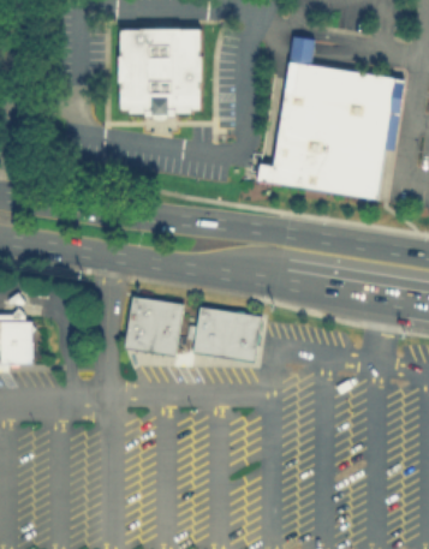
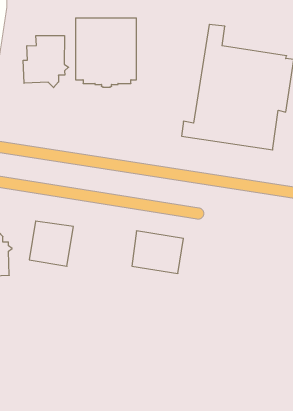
building: none -> [23,36,69,88]
building: [124,296,181,354] -> [29,221,73,266]

